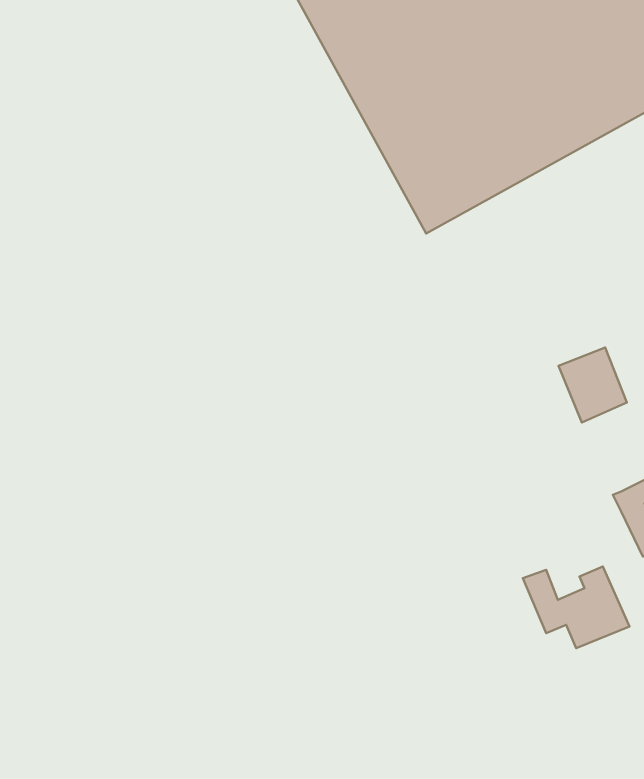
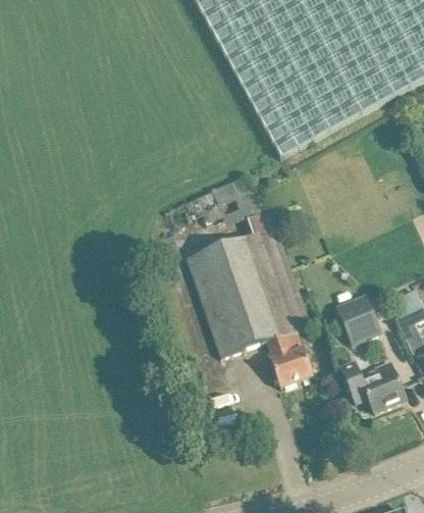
building: none -> [188,210,314,387]
building: [559,348,627,423] -> [338,296,380,342]

